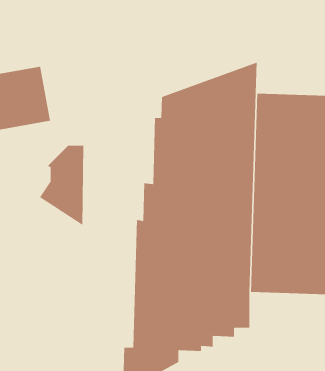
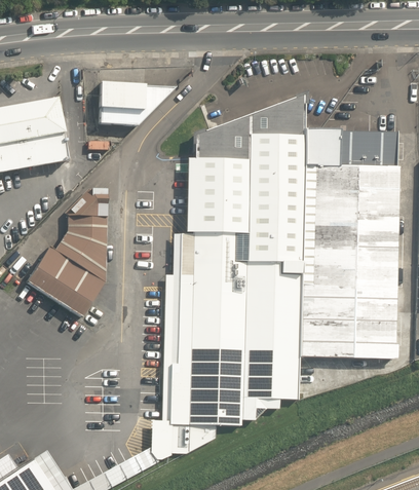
building: none -> [100,82,176,125]
building: none -> [28,244,106,315]

